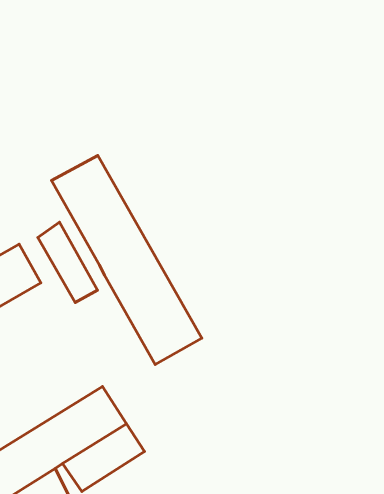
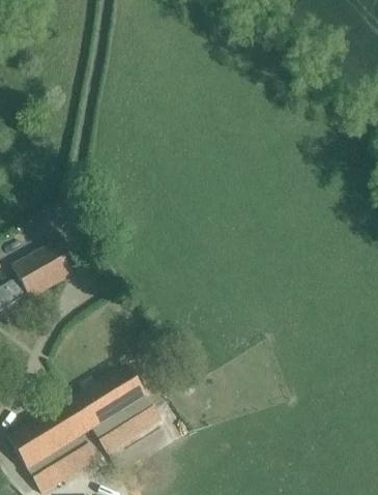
building: [52,156,202,365] -> none
building: [38,222,98,302] -> none

